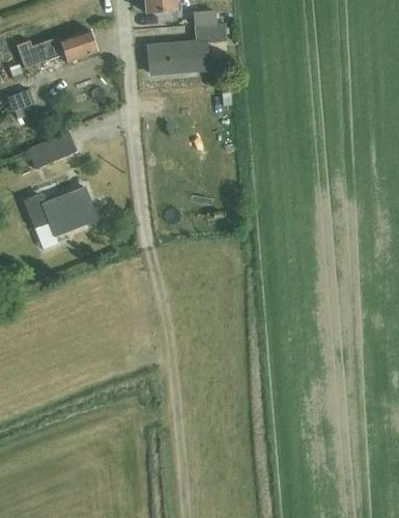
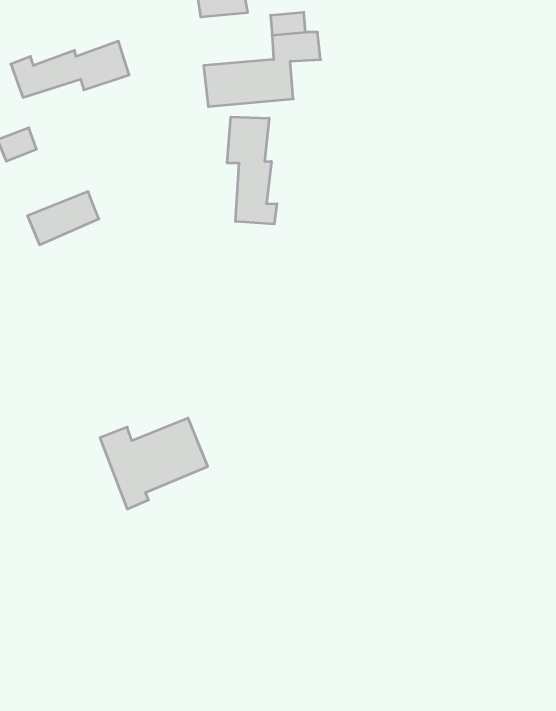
building: none -> [227,117,277,224]
building: [24,186,97,248] -> [100,418,208,509]

